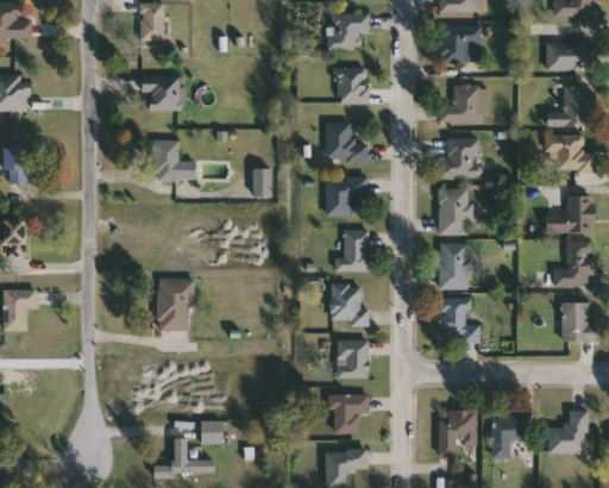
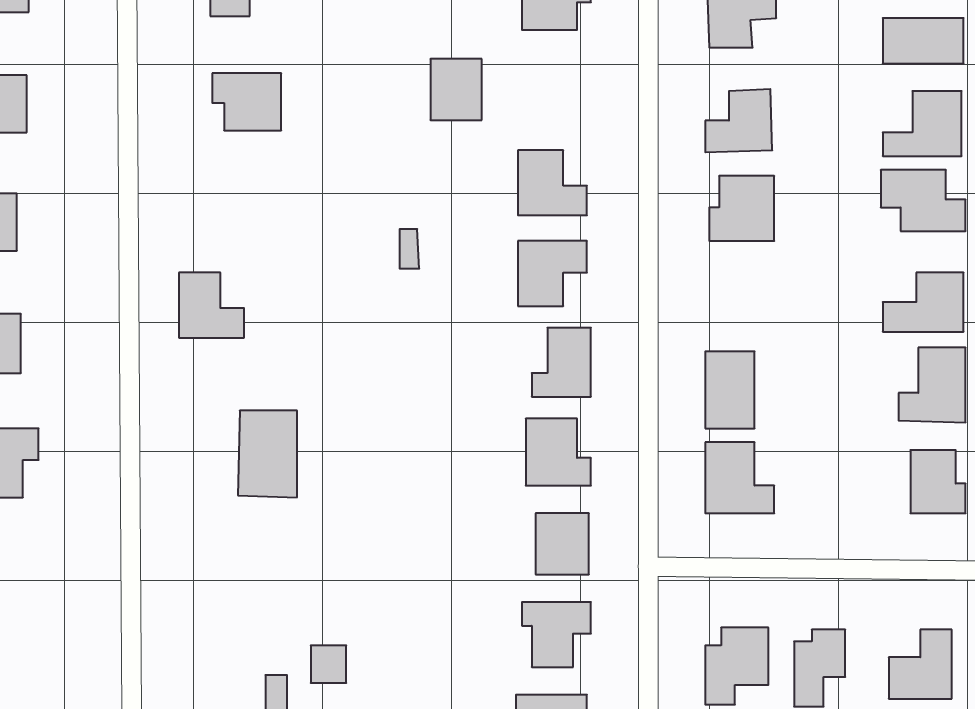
building: [335,67,366,104] -> [430,59,482,120]
building: [153,139,193,179] -> [179,273,244,338]
building: [438,188,470,234] -> none

